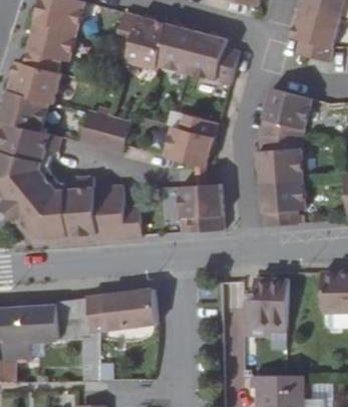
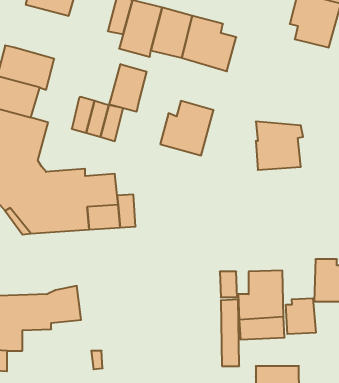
building: [23,20,76,71] -> none
building: none -> [109,64,147,112]
building: [259,88,313,139] -> none
building: [261,179,305,227] -> none
building: [179,184,225,234] -> none
building: [84,287,155,329] -> none
building: none -> [286,298,316,334]

